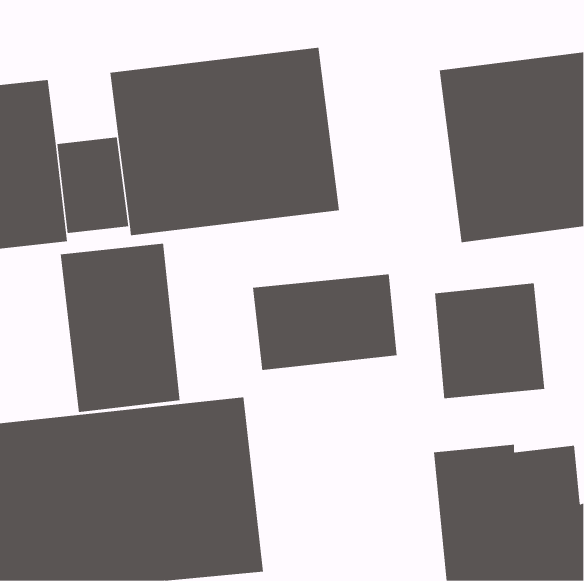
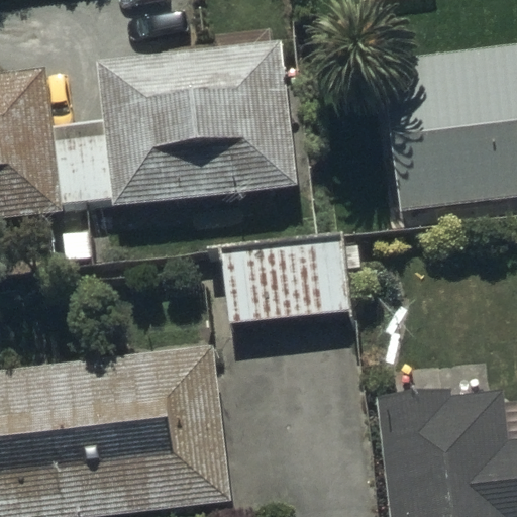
building: [60,243,180,413] -> none
building: [435,283,545,399] -> none

